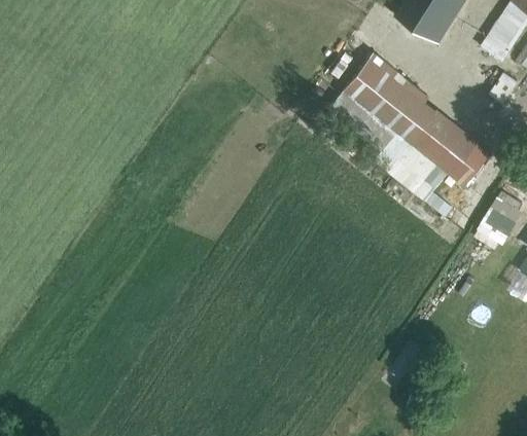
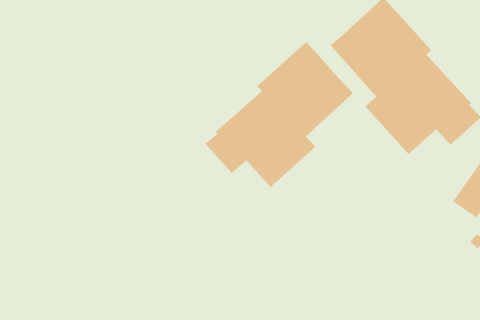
building: none -> [204,41,354,188]

